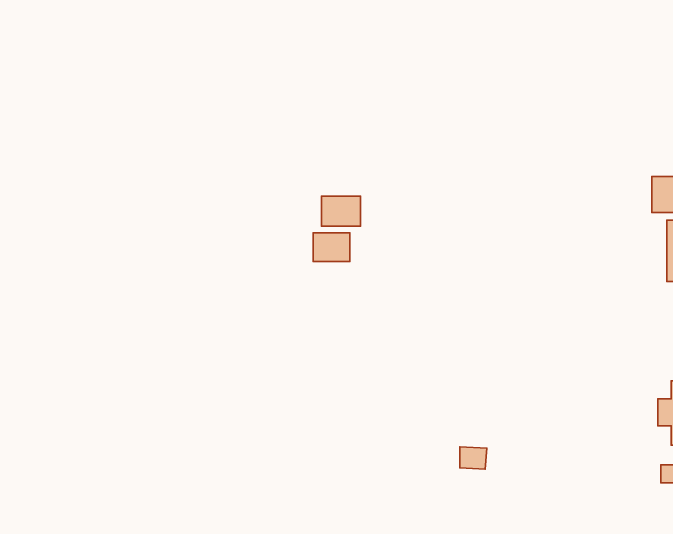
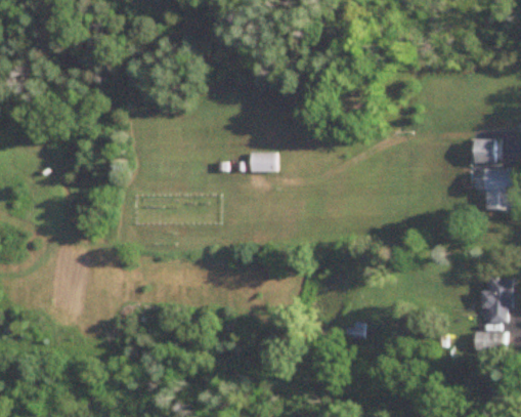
building: [313,233,350,262] -> none

